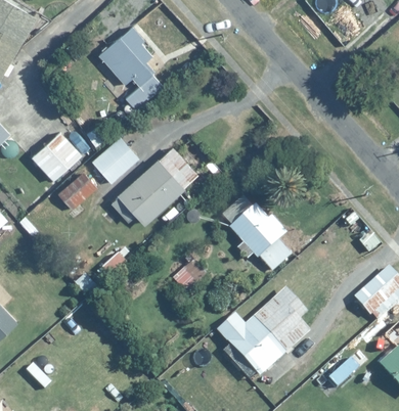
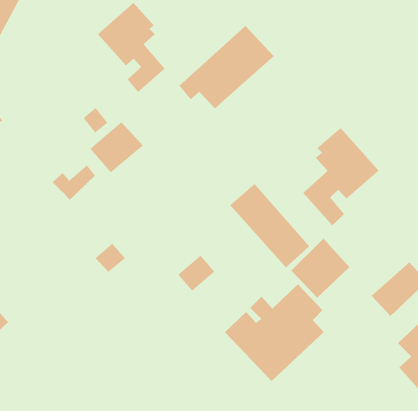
building: [31,132,82,182] -> none
building: none -> [303,127,380,226]
building: [110,148,199,226] -> [178,25,274,109]
building: none -> [291,238,350,298]

